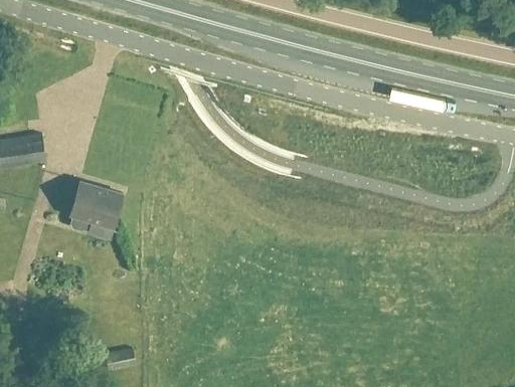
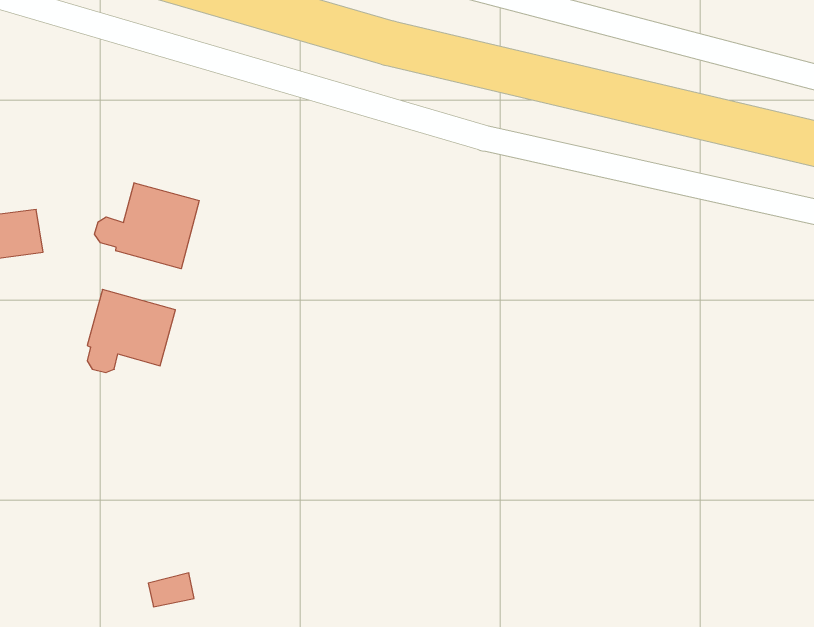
building: none -> [94,183,199,269]

